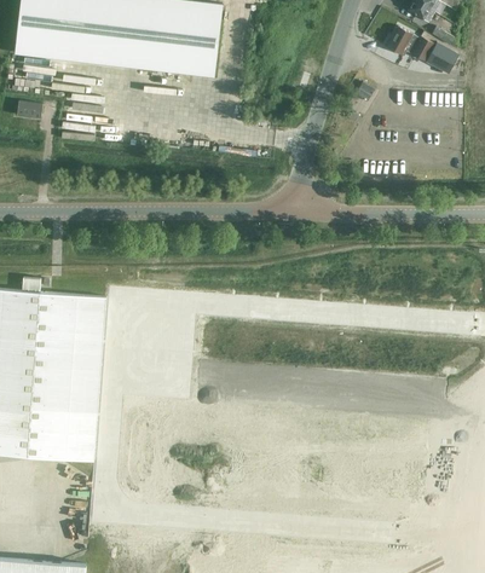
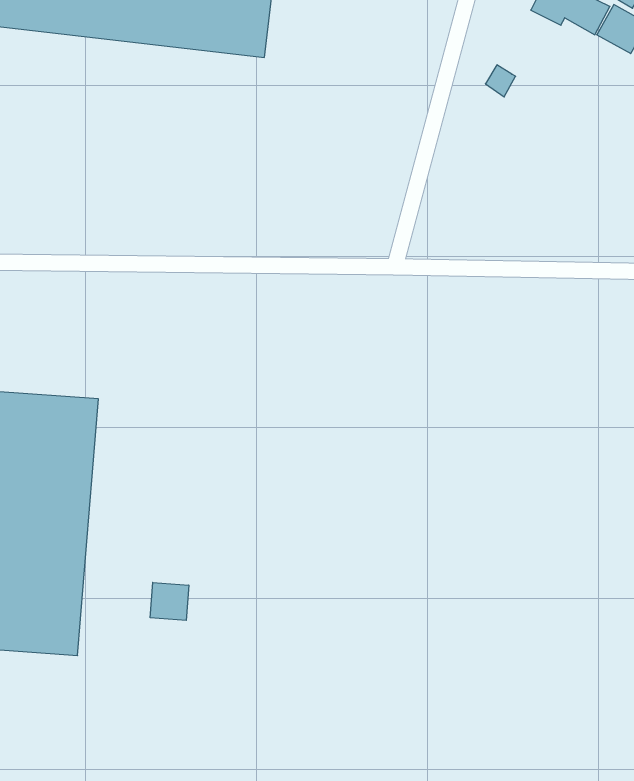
building: none -> [150,582,189,620]

